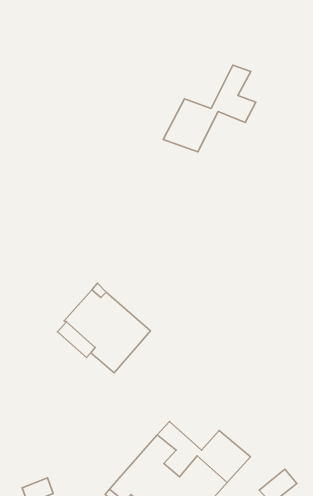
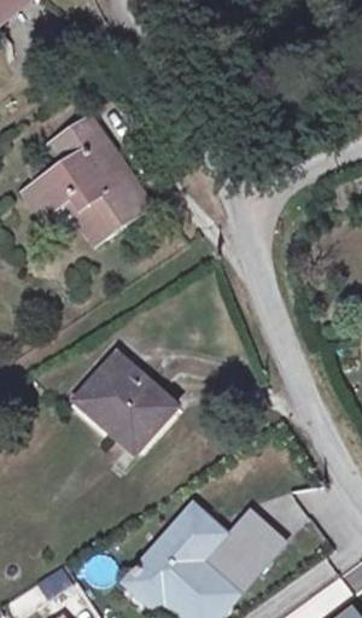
building: [163,65,256,152] -> none
building: none -> [25,117,152,244]

